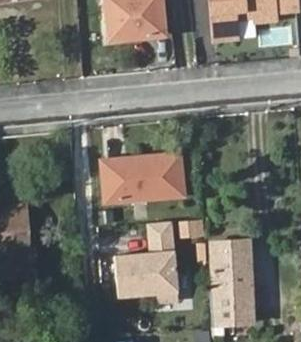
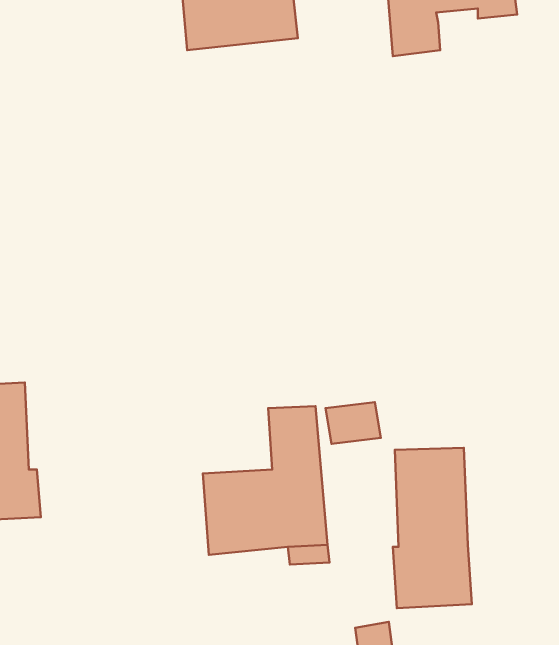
building: [104,154,183,201] -> none

